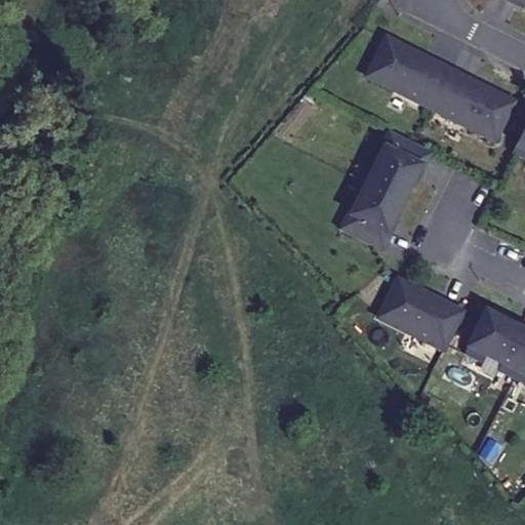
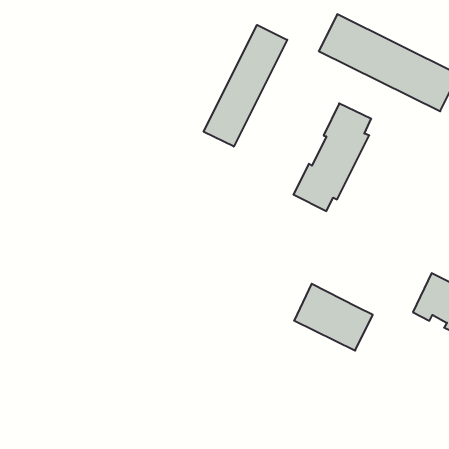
building: none -> [204,25,287,147]
building: [380,278,463,349] -> [294,284,373,351]

